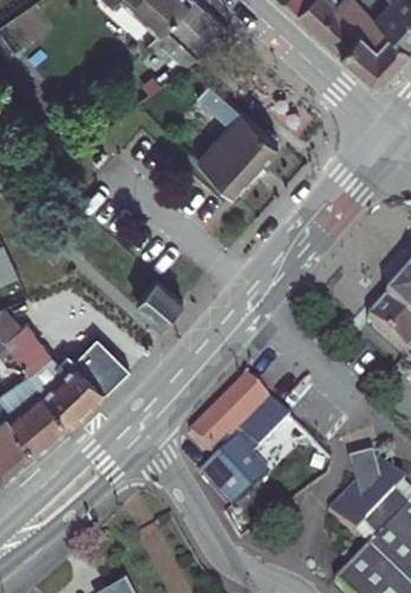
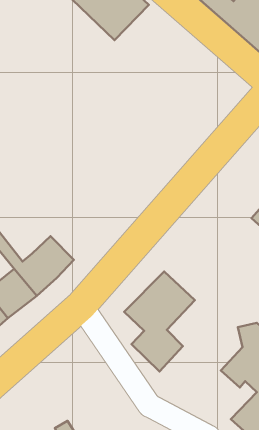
building: [195,78,284,191] -> none
building: [135,280,183,328] -> none

